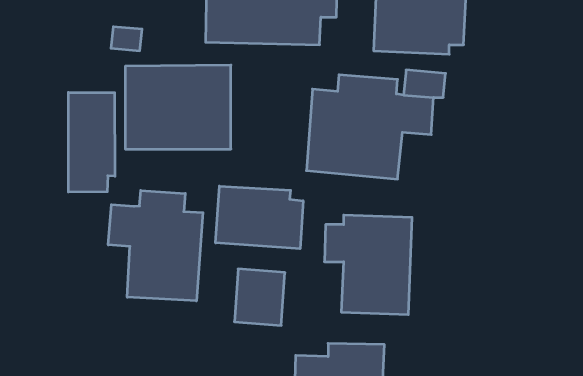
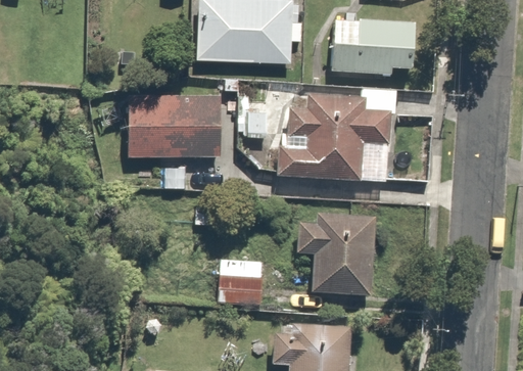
building: [68,92,115,192] -> none
building: [216,186,303,249] -> none
building: [108,190,203,301] -> none

